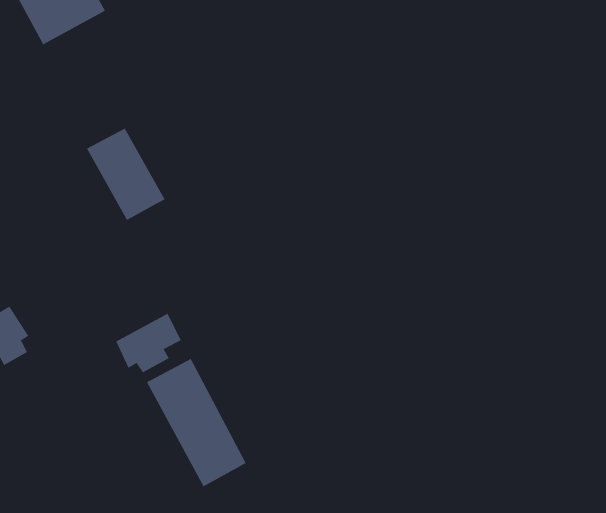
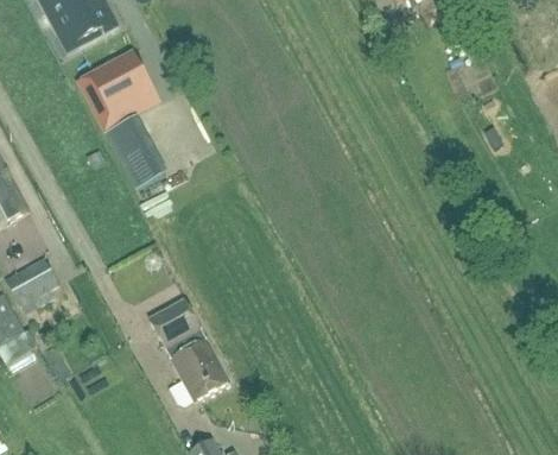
building: none -> [74,45,148,118]
building: [116,313,182,373] -> none

